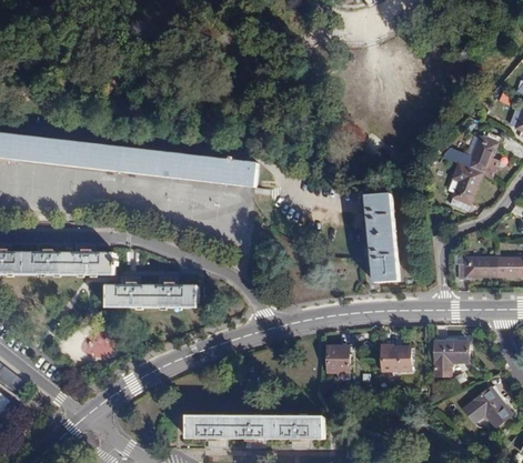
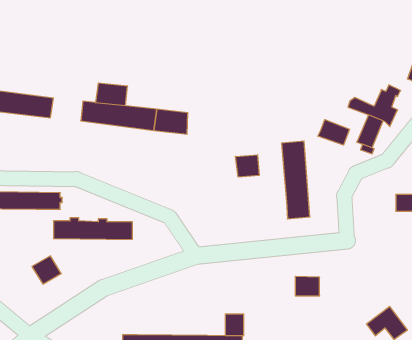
building: [102,145,139,171] -> [95,83,128,105]
building: none -> [318,120,350,145]
building: none -> [235,155,259,177]
building: [462,255,495,274] -> none
building: [432,339,465,373] -> none
building: [326,345,348,370] -> [225,314,244,336]

